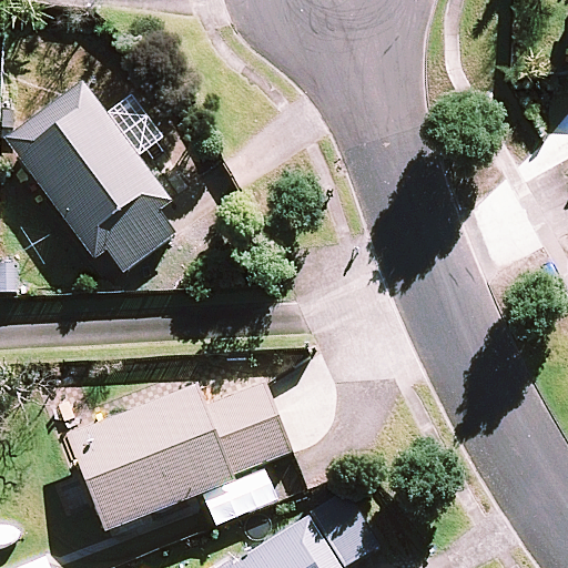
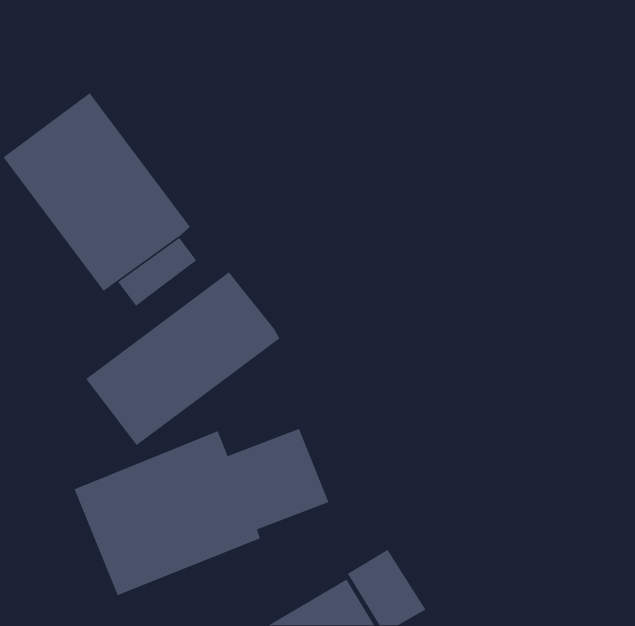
building: none -> [85,271,280,446]

